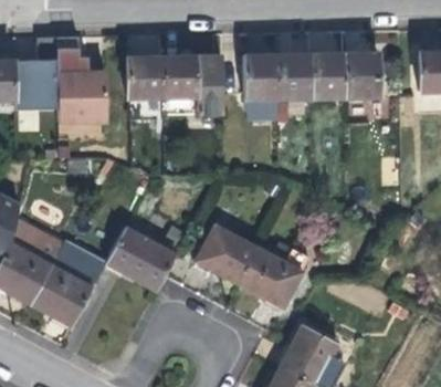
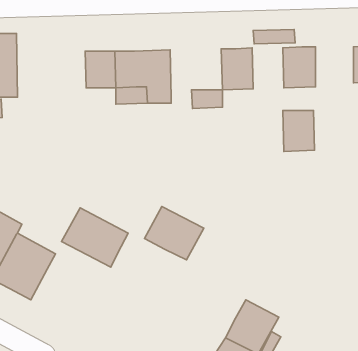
building: [311,54,345,98] -> [283,110,315,151]
building: [244,55,279,100] -> none
building: [56,72,106,123] -> none
building: [240,249,302,307] -> none

